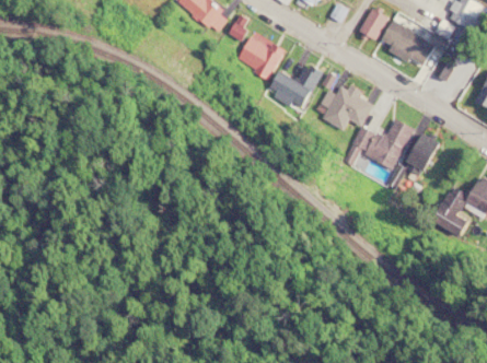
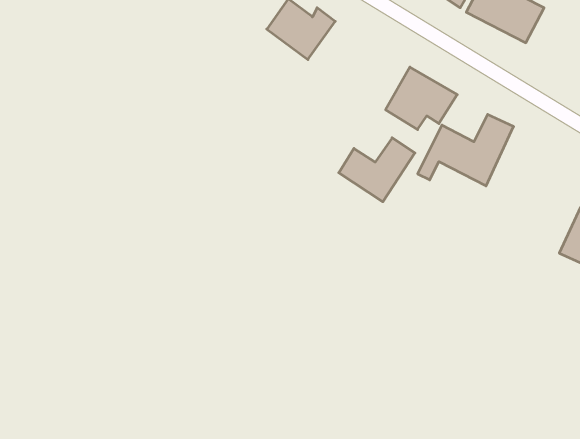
building: [268,62,323,108] -> [339,138,415,202]
building: [408,133,436,171] -> none

